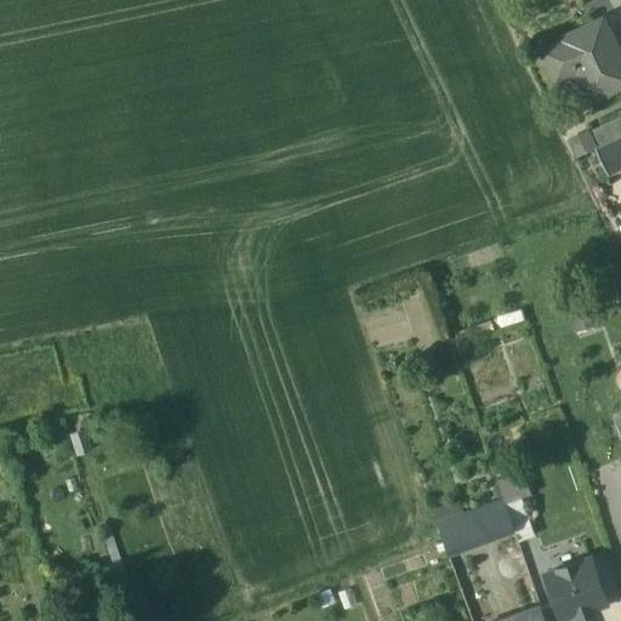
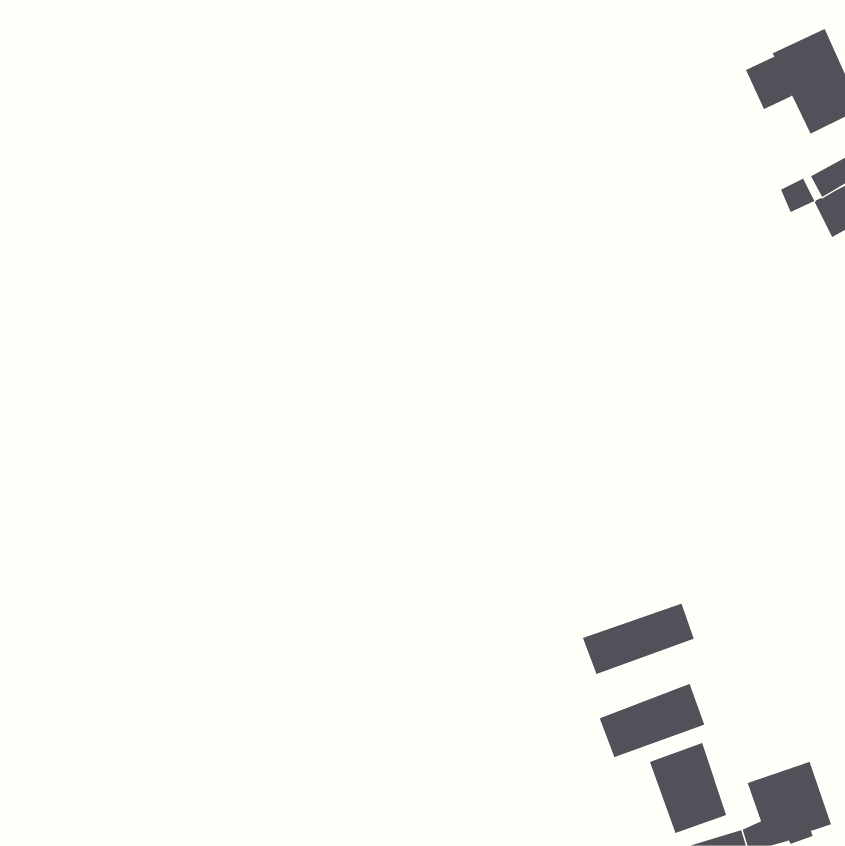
building: none -> [582,603,694,675]
building: none -> [649,742,727,834]

